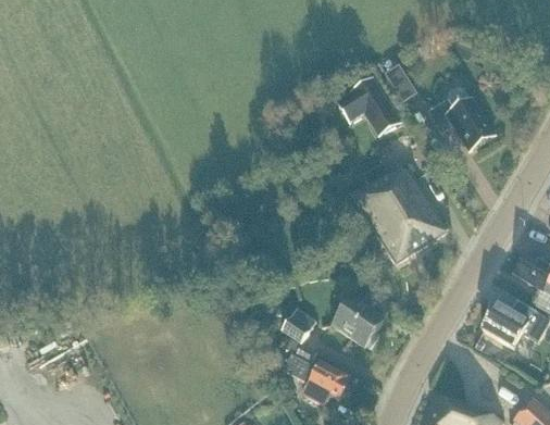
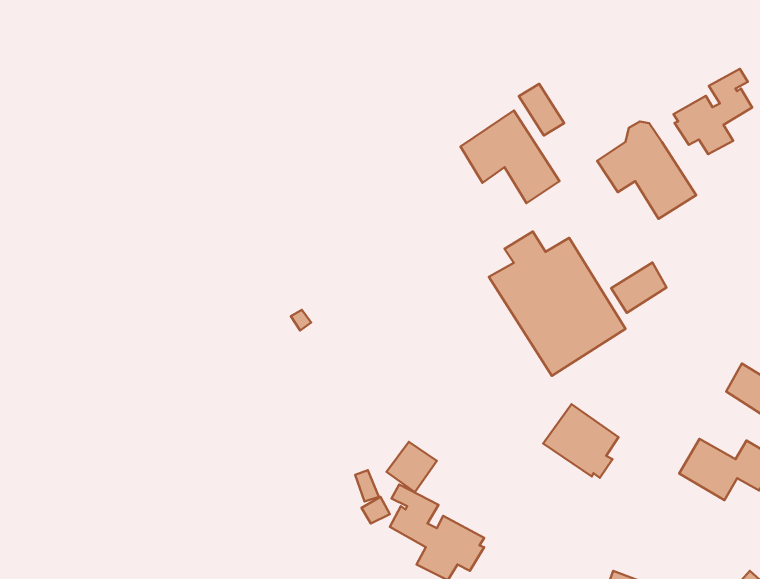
building: none -> [674,69,752,154]
building: none -> [611,263,666,313]
building: [330,296,383,347] -> [543,404,619,478]

